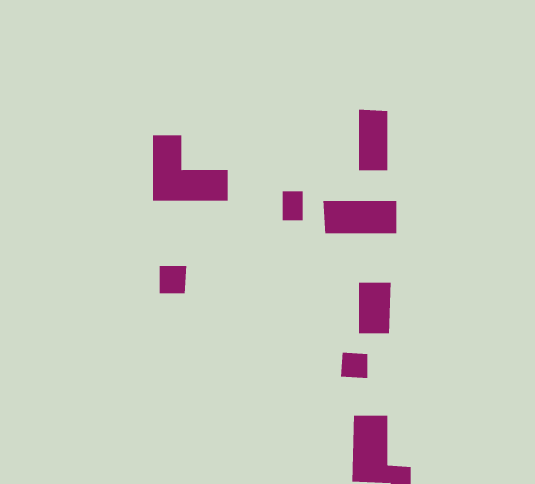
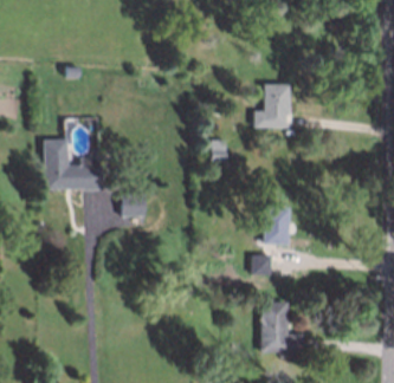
building: [152,135,229,201] -> [46,141,101,188]
building: [323,200,397,234] -> none

